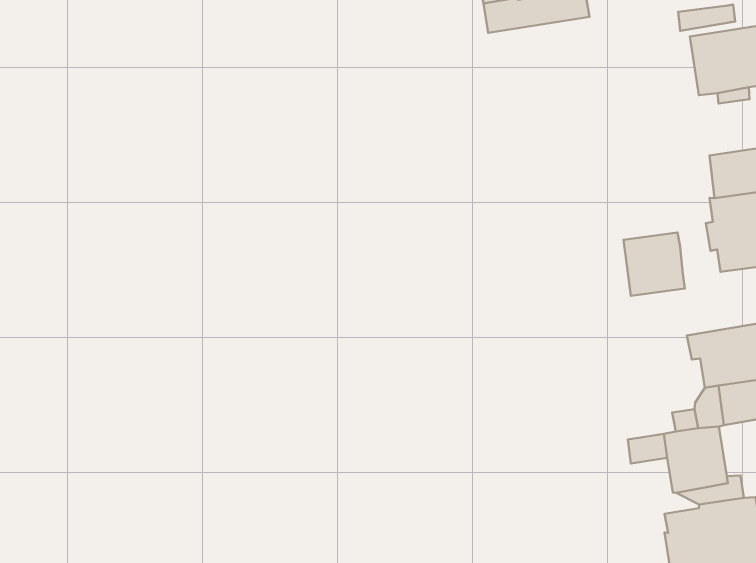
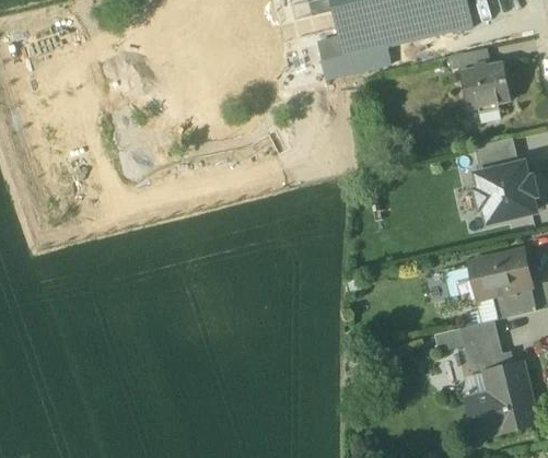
building: [623,233,685,296] -> none

